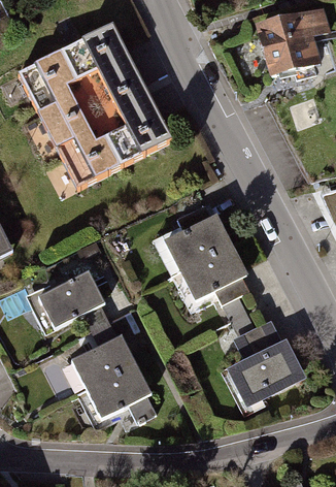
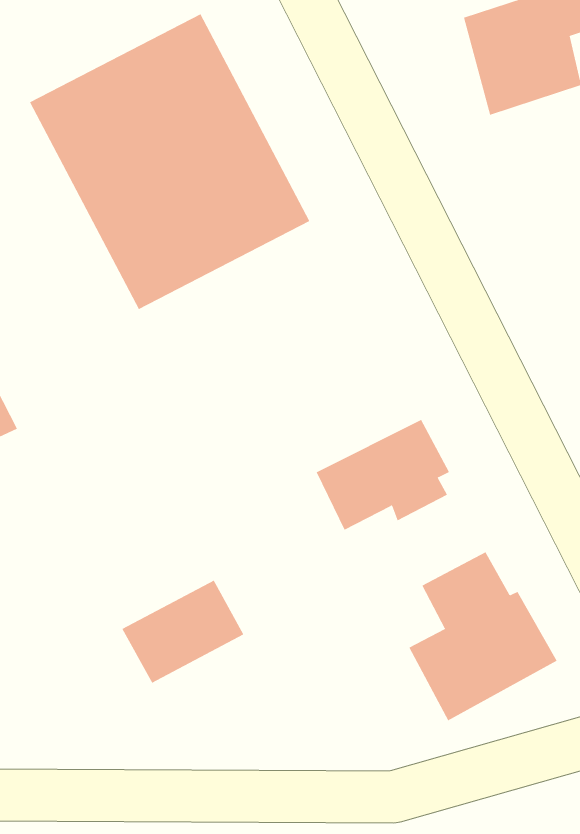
building: [158,202,234,277] -> none
building: [39,272,106,329] -> none
building: [78,365,155,429] -> none

